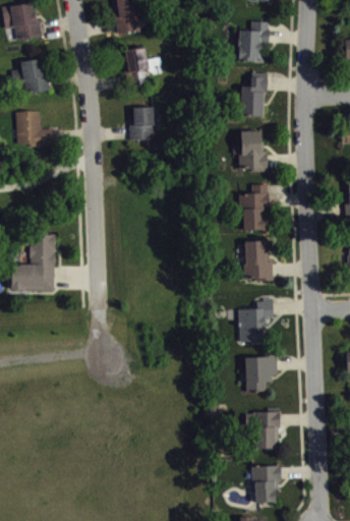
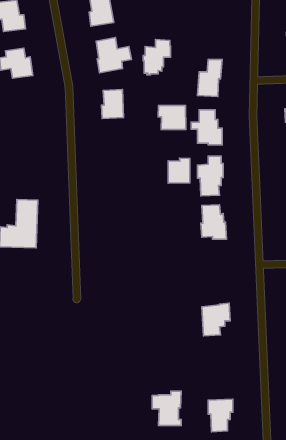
building: [238,21,270,62] -> [143,40,171,75]
building: [16,111,55,147] -> none
building: none -> [158,106,186,130]
building: none -> [168,158,190,183]
building: [239,297,274,341] -> none
building: [247,408,281,448] -> [152,391,181,426]

